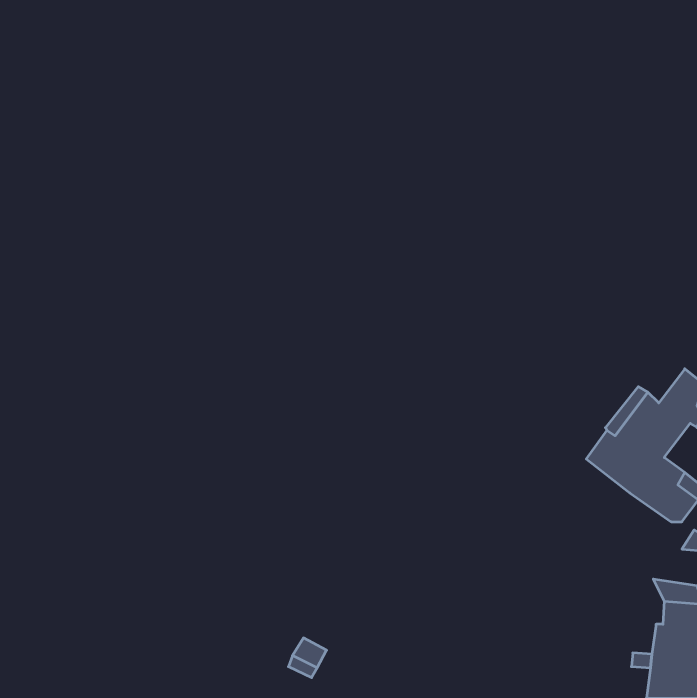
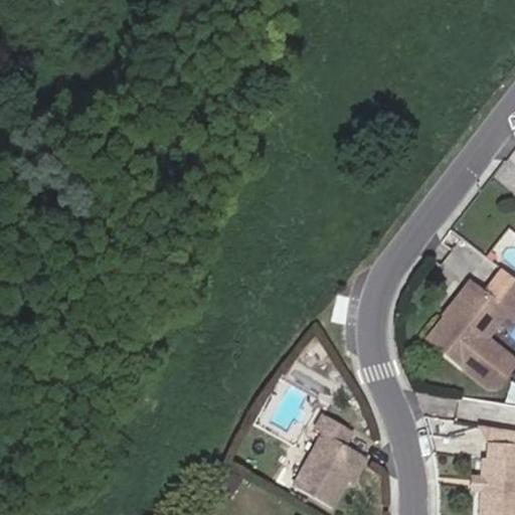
building: none -> [294,415,362,507]

